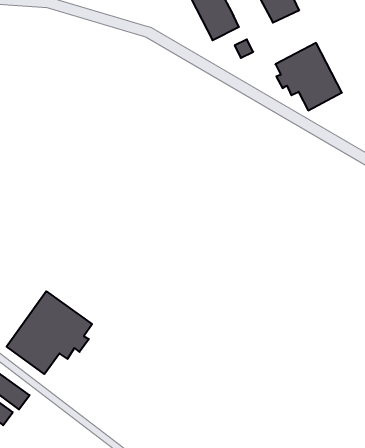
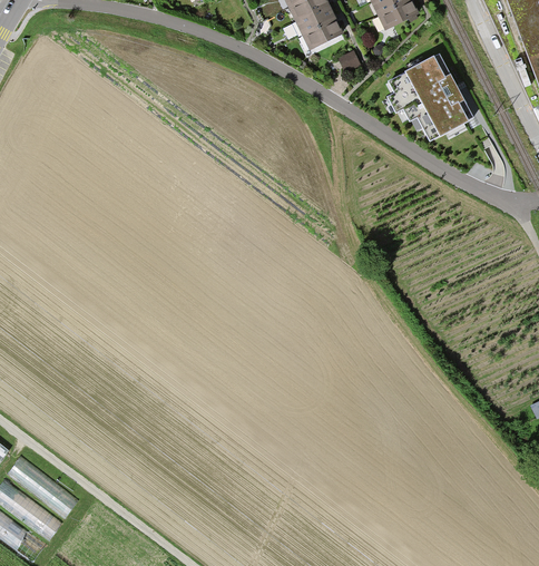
building: [7,291,92,374] -> none

